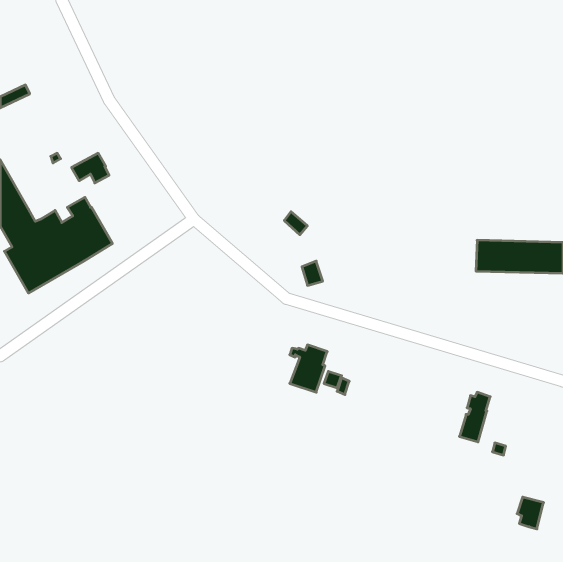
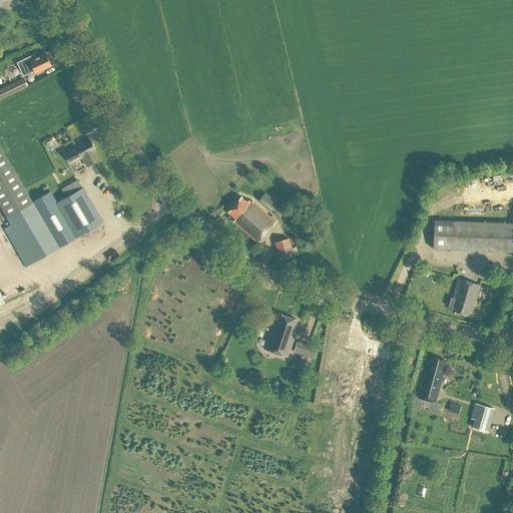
building: none -> [17,55,51,76]
building: none -> [227,196,276,242]
building: none -> [448,278,488,317]
building: [517,497,544,529] -> [470,404,494,433]

